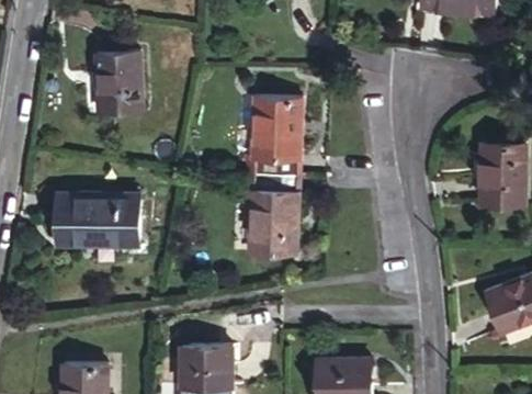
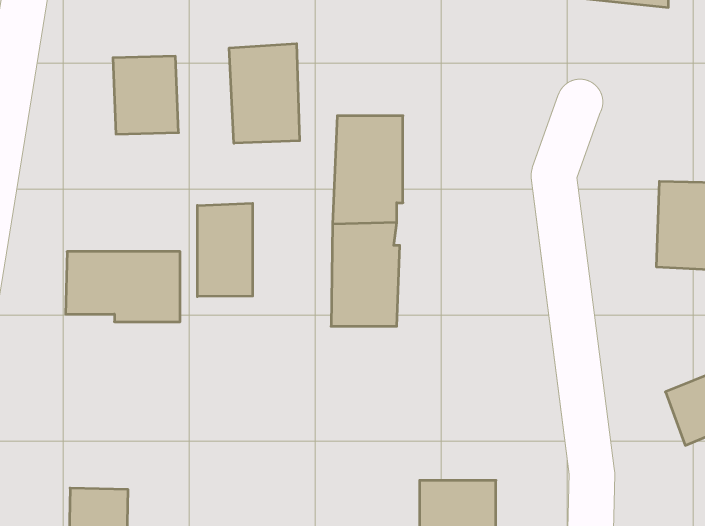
building: none -> [229,44,300,143]
building: none -> [197,203,253,297]
building: [179,342,230,384] -> none

